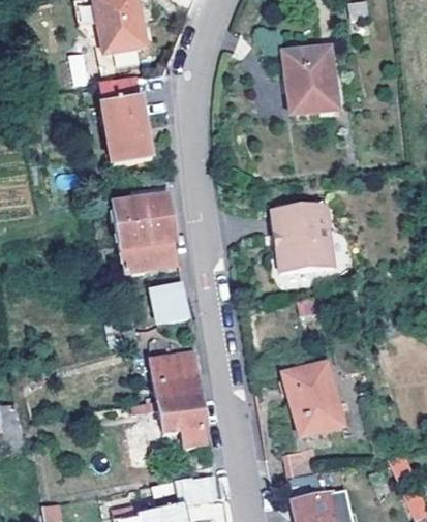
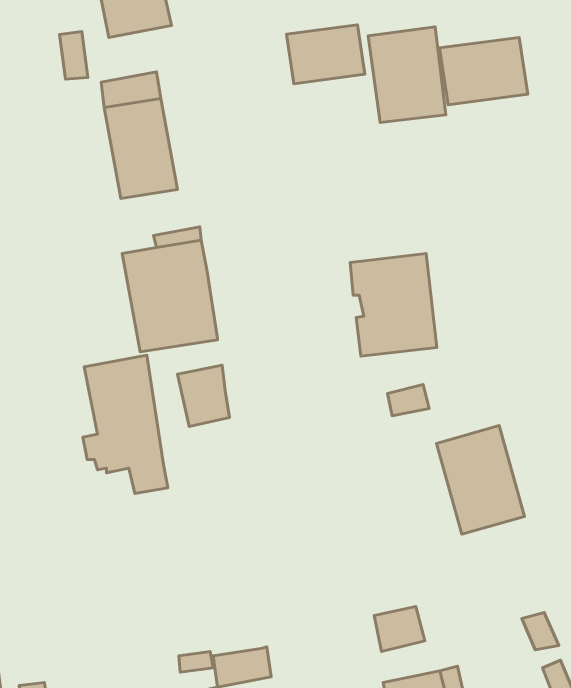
building: none -> [286,25,365,84]
building: none -> [440,37,528,105]
building: [149,351,208,448] -> [83,355,168,494]
building: [282,362,343,437] -> [437,426,524,534]

